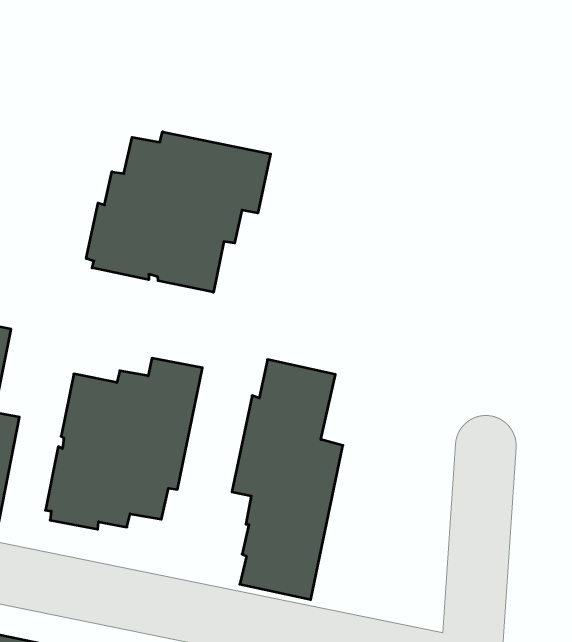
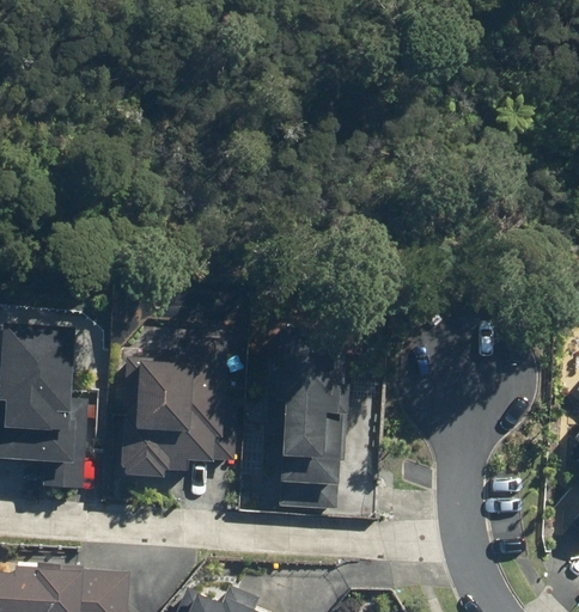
building: [86,132,271,292] -> none

